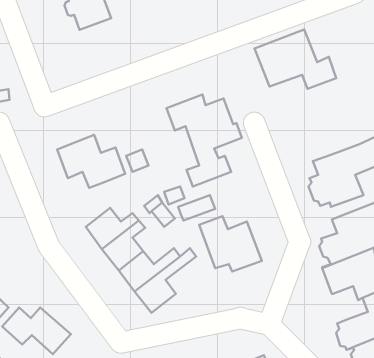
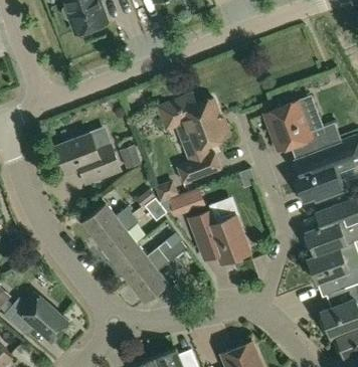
building: [254,29,336,89] -> [264,96,342,152]

